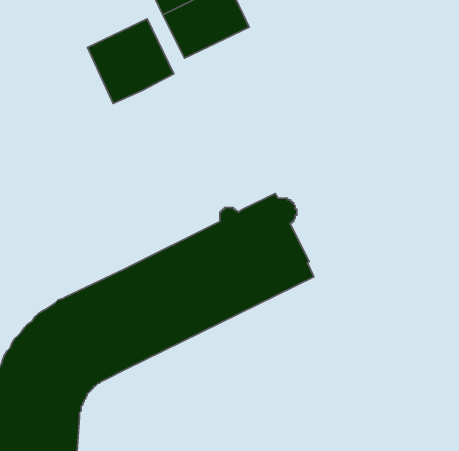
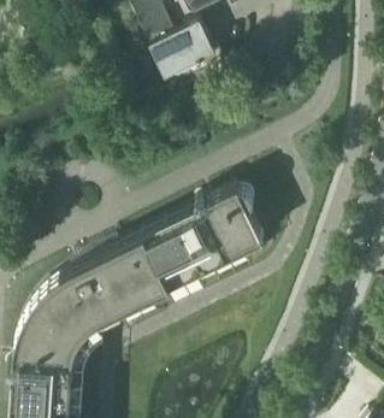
building: [87,19,174,103] -> none

